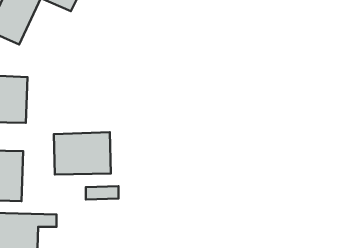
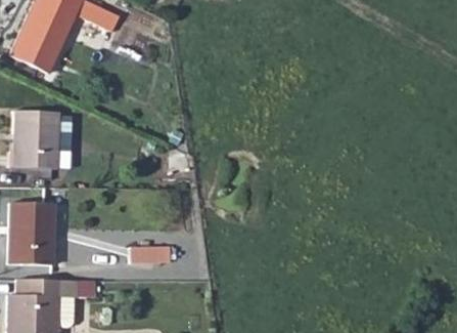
building: [54,132,111,174] -> none

